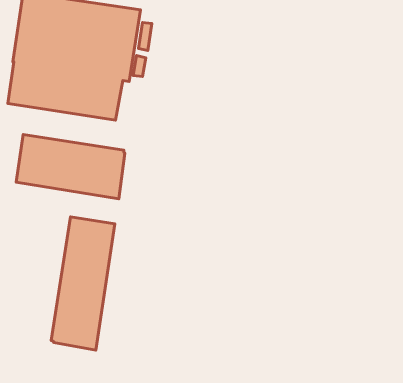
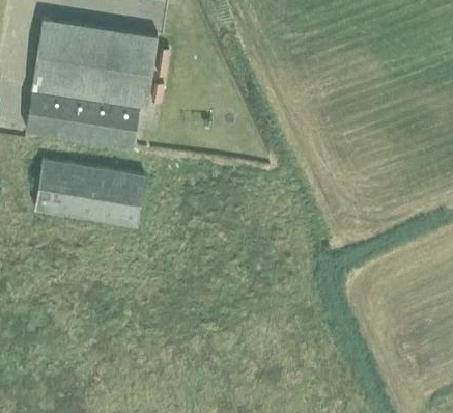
building: [51,217,115,350] -> none

